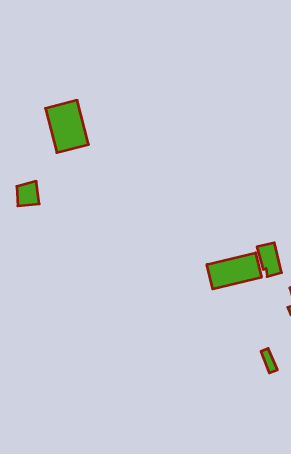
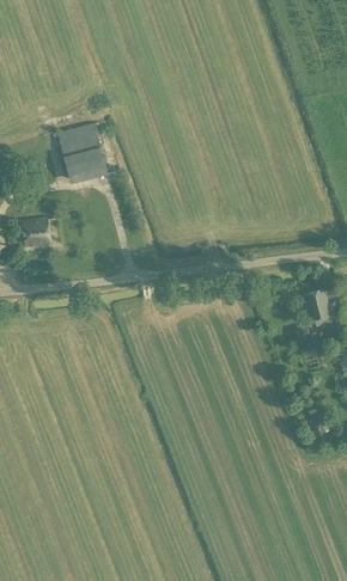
building: [207,253,261,289] -> none

